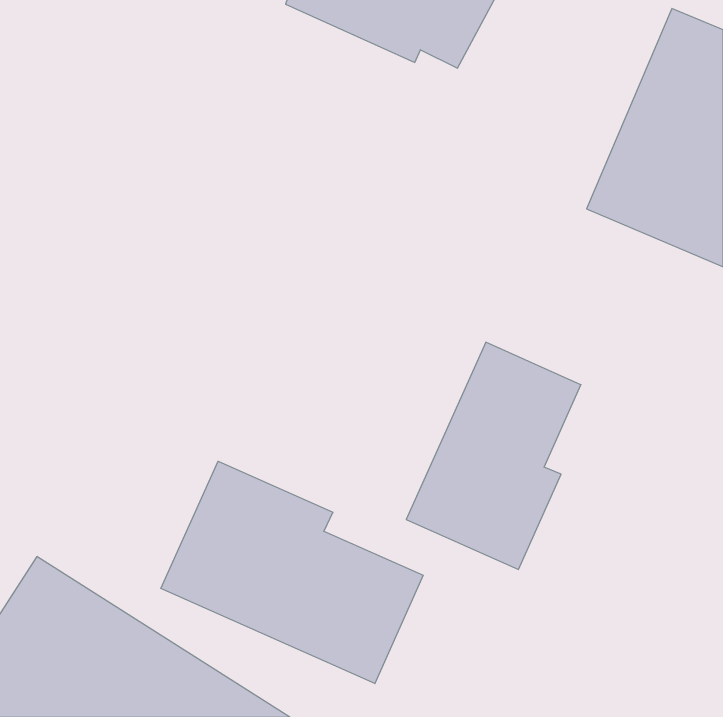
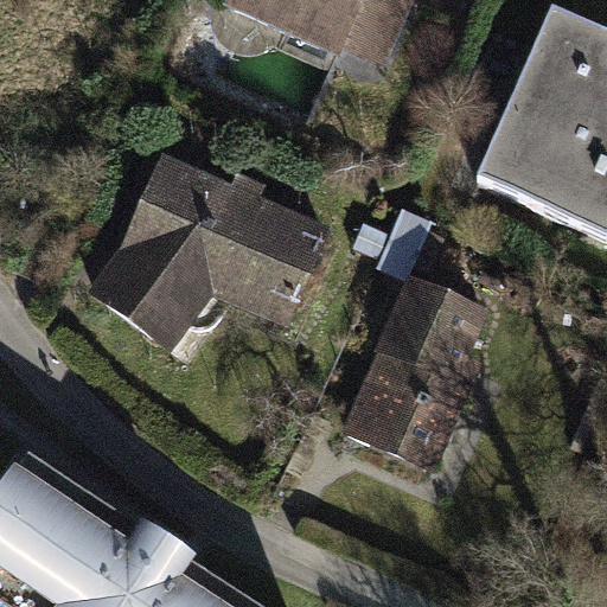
building: none -> [85,156,328,357]
building: [161,461,423,684] -> none

